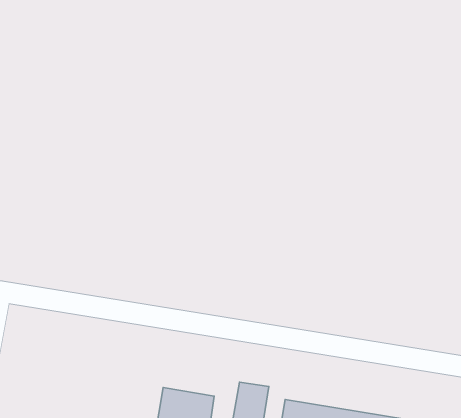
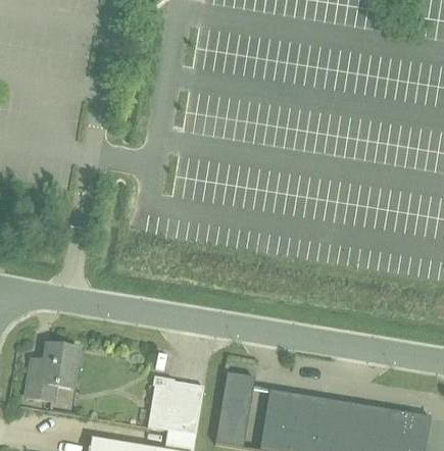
building: none -> [26,344,79,401]

